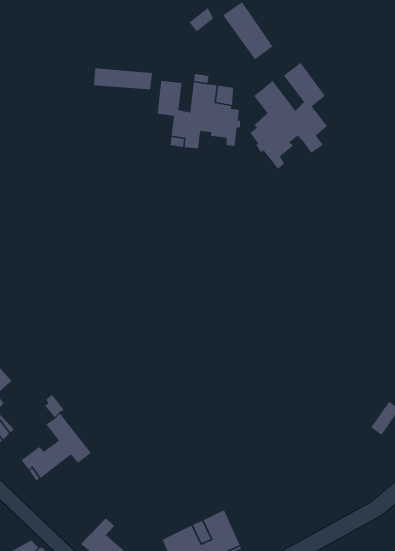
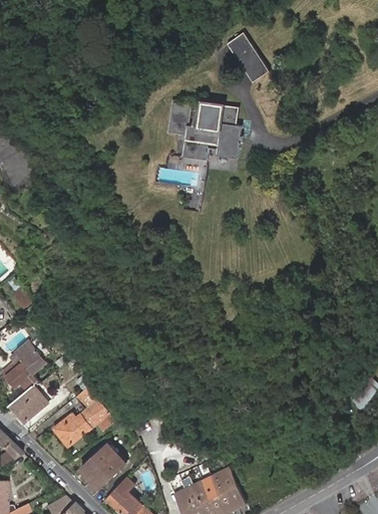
building: [250,62,328,170] -> none
building: [93,68,153,90] -> none
building: none -> [79,444,124,489]

